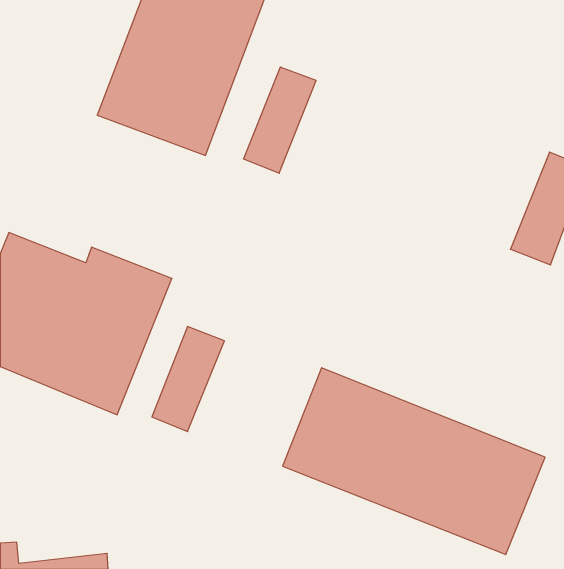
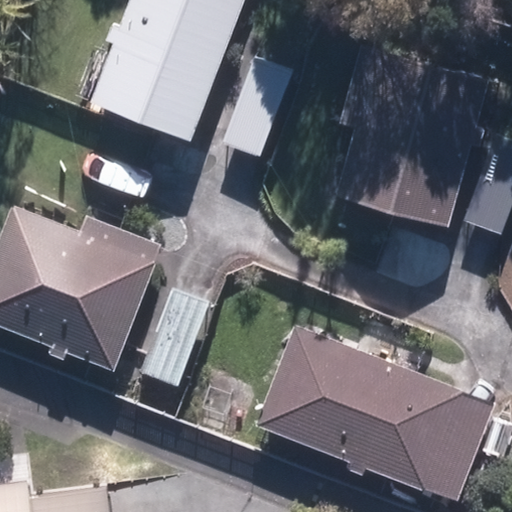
building: none -> [334,47,483,226]

